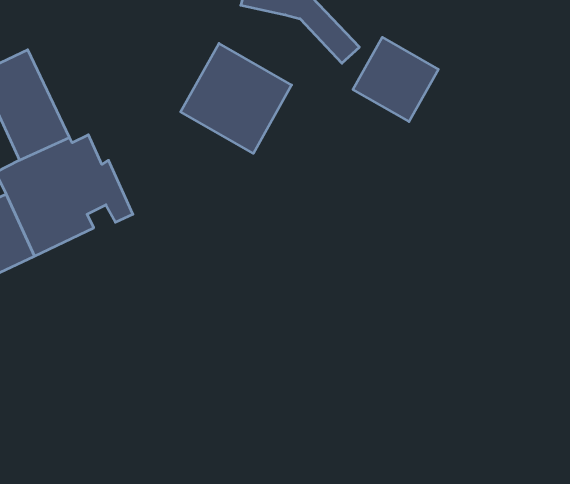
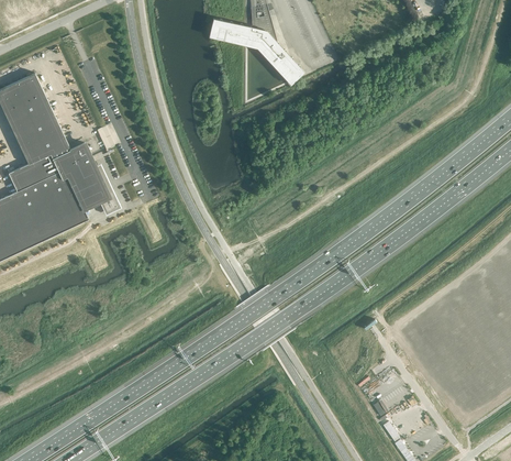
building: [353,37,438,122] -> none
building: [181,43,292,153] -> none

